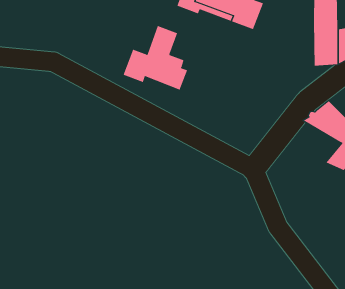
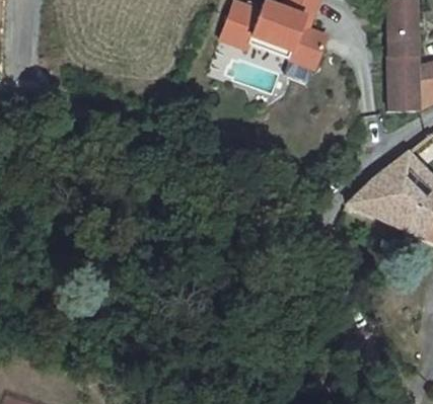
building: [123,25,188,90] -> none
building: none -> [348,176,422,227]

